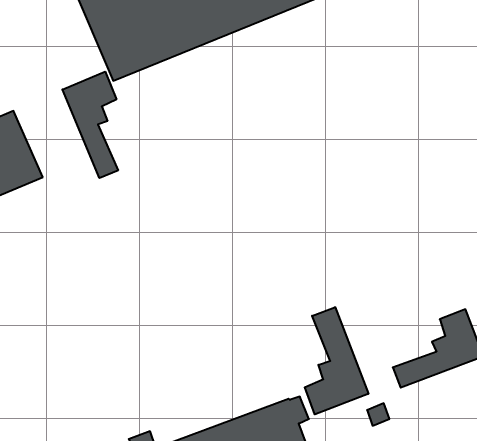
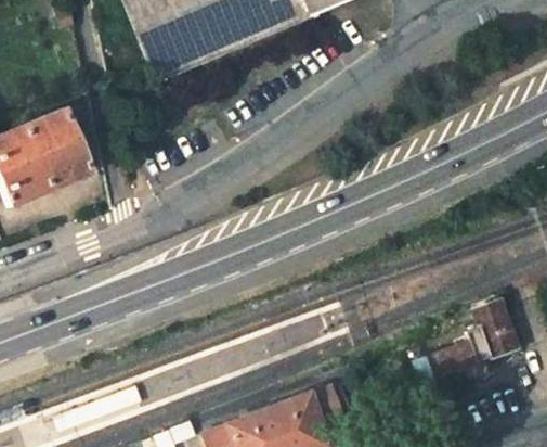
building: [62,72,118,178] -> none
building: [305,307,368,414] -> none

